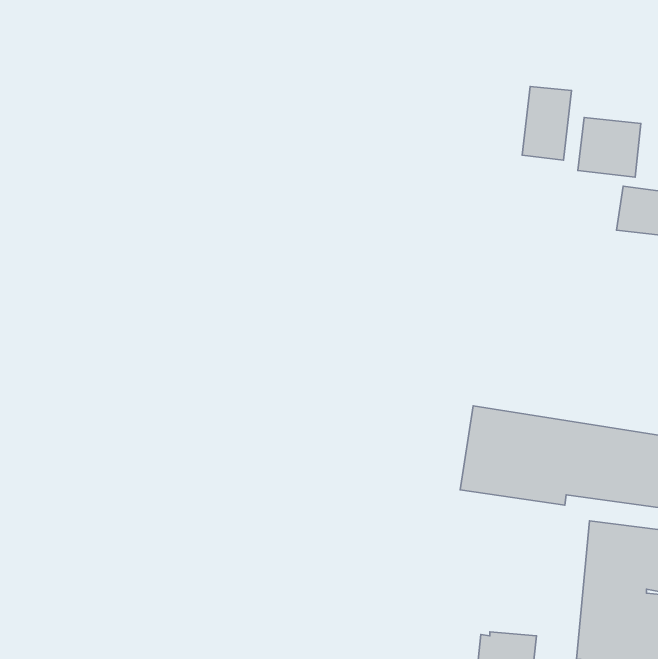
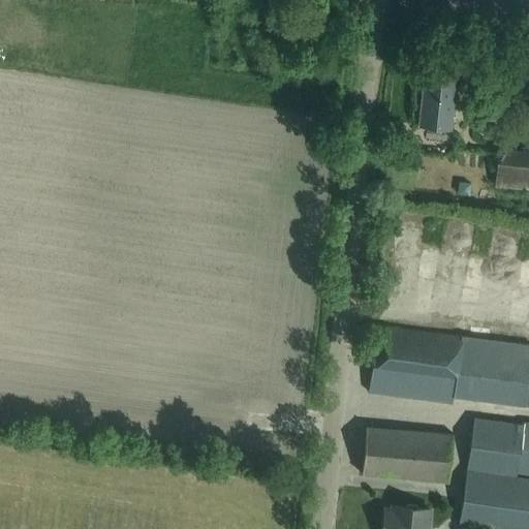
building: [578,117,641,177] -> none
building: none -> [363,427,455,481]

